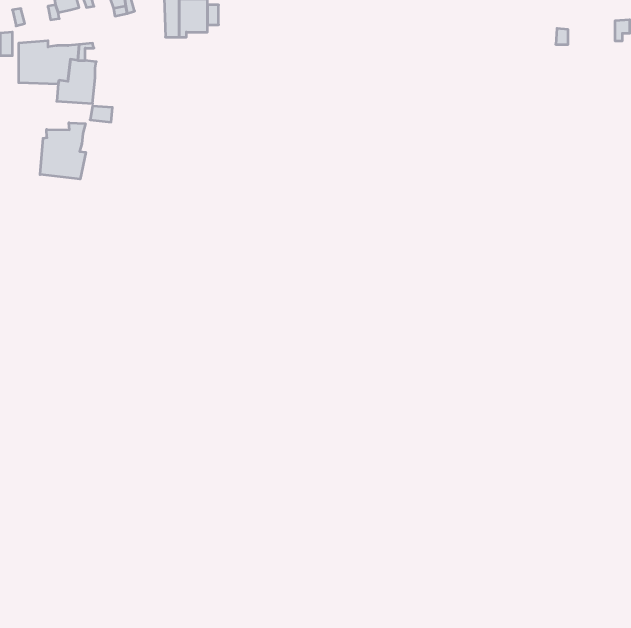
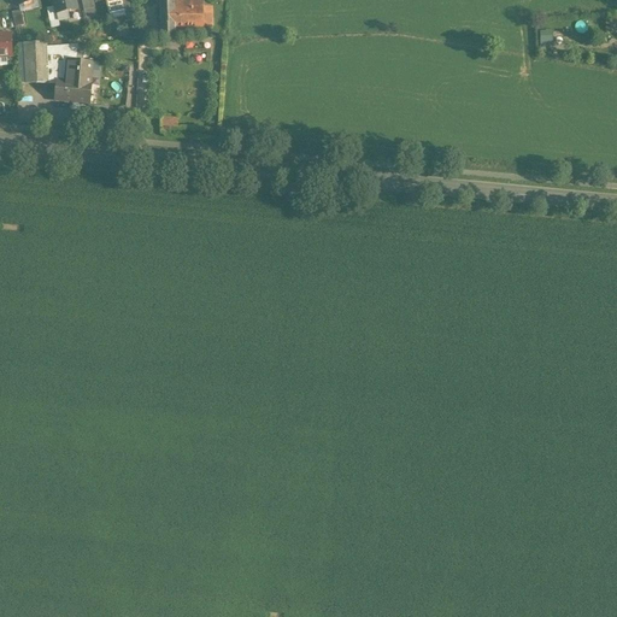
building: [40,123,86,179] -> none

